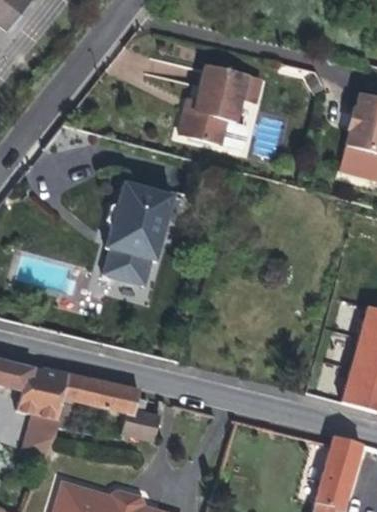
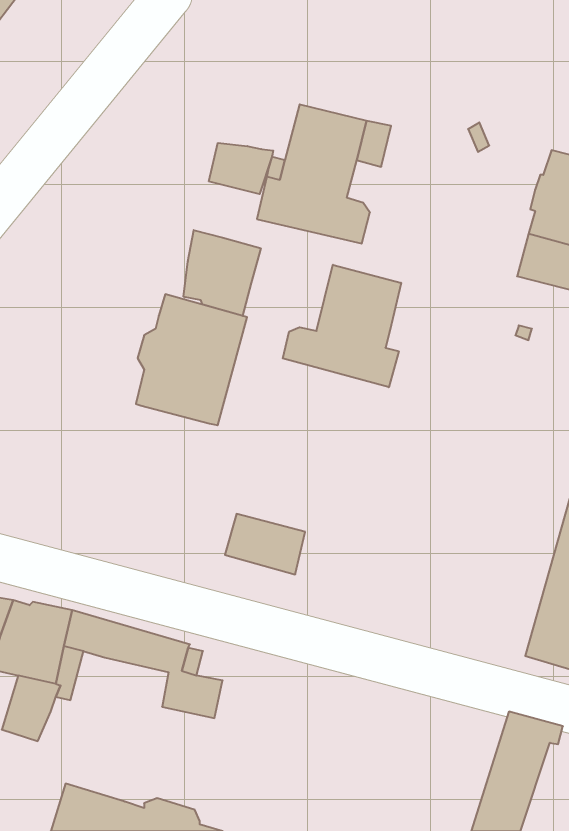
building: none -> [209,143,273,194]
building: none -> [184,230,261,316]
building: none -> [283,265,401,387]
building: [102,249,151,286] -> [225,514,305,574]

